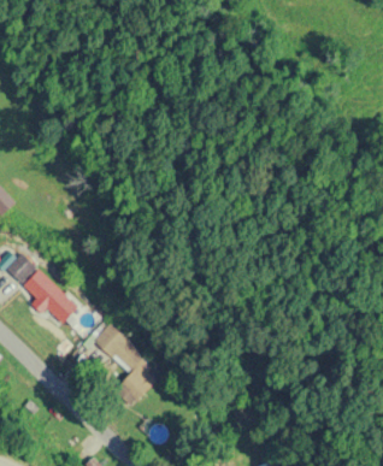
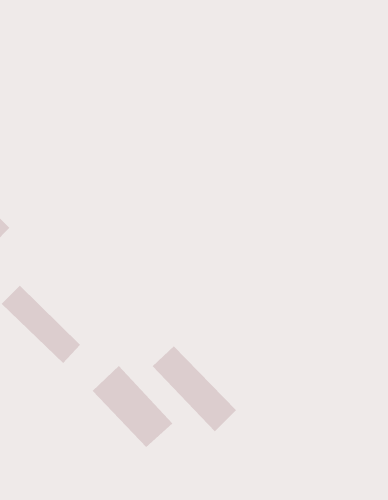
building: none -> [152,346,237,432]

